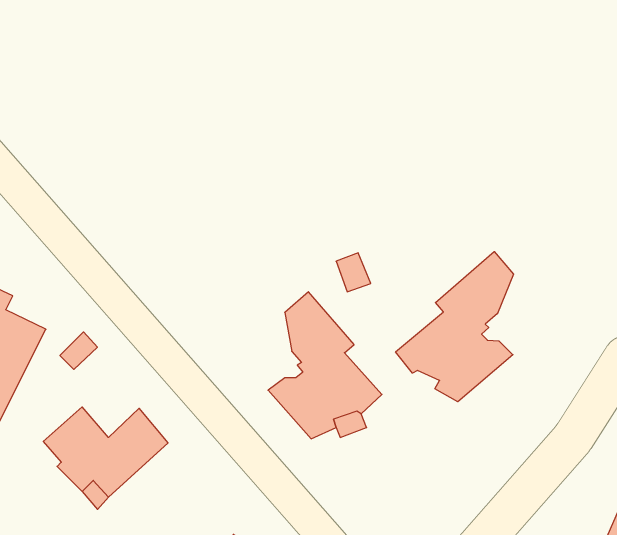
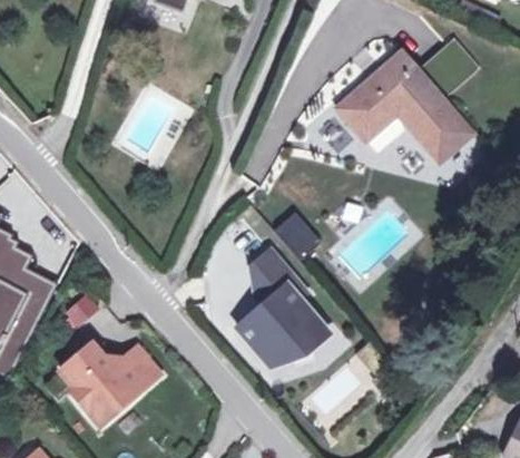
building: none -> [335,55,468,160]
building: [396,252,514,402] -> none

